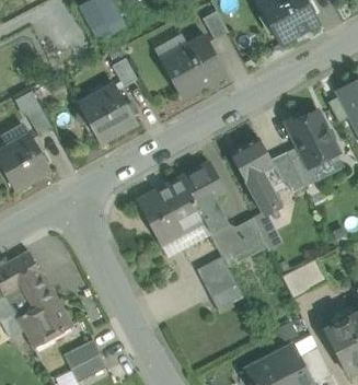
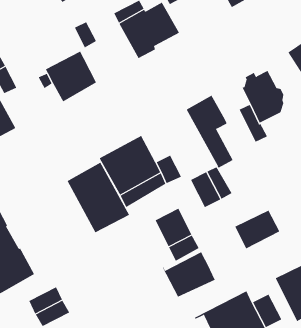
building: [270,151,303,191] -> none
building: [183,163,226,207] -> none
building: none -> [67,162,130,233]
building: [209,222,250,266] -> none
building: none -> [162,248,215,298]

